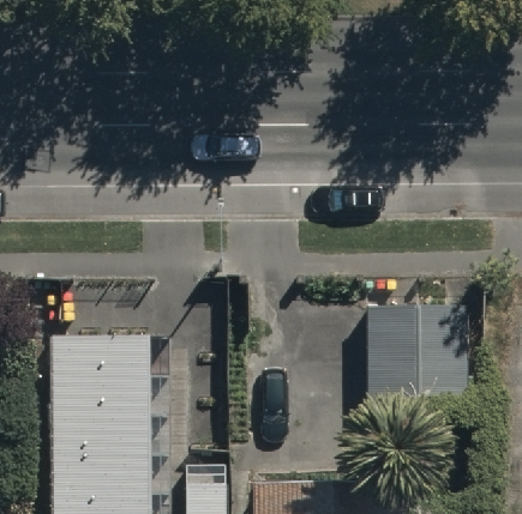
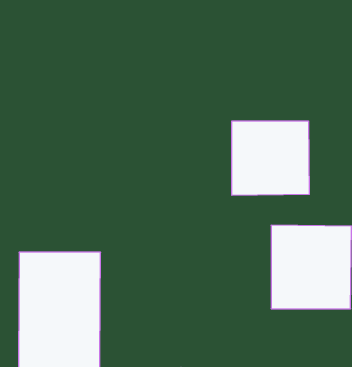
building: none -> [232,121,309,195]

